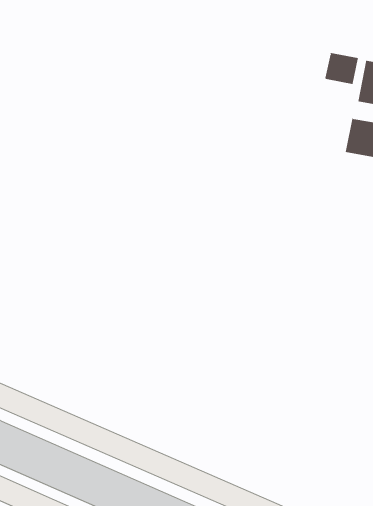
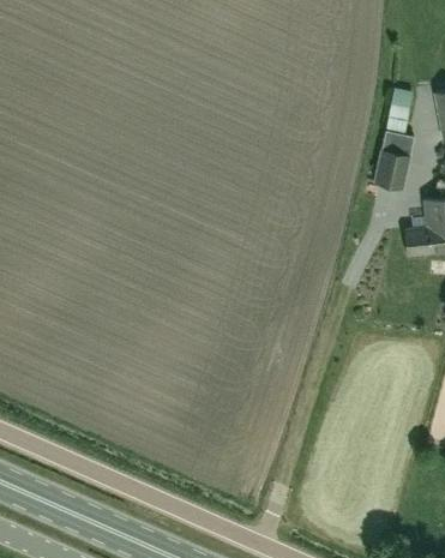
building: [325,52,358,85] -> none

